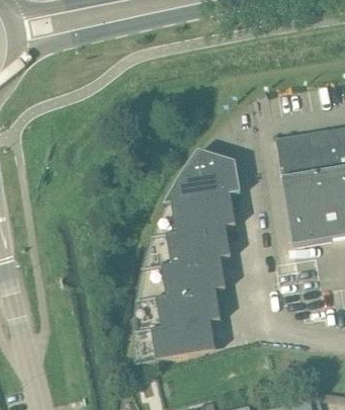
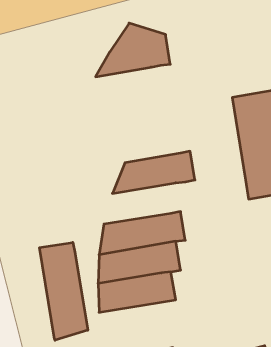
building: [162,152,241,209] -> [96,23,170,77]
building: [140,229,231,273] -> none
building: none -> [40,242,88,340]

